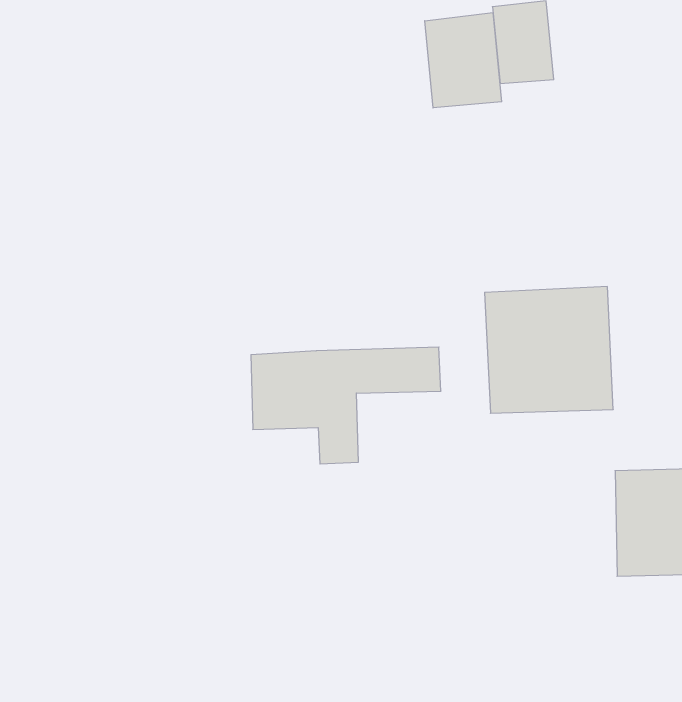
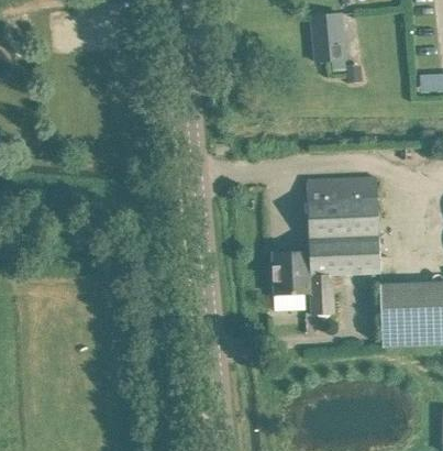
building: [425,13,502,108] -> none
building: [251,347,441,464] -> [273,248,381,315]

